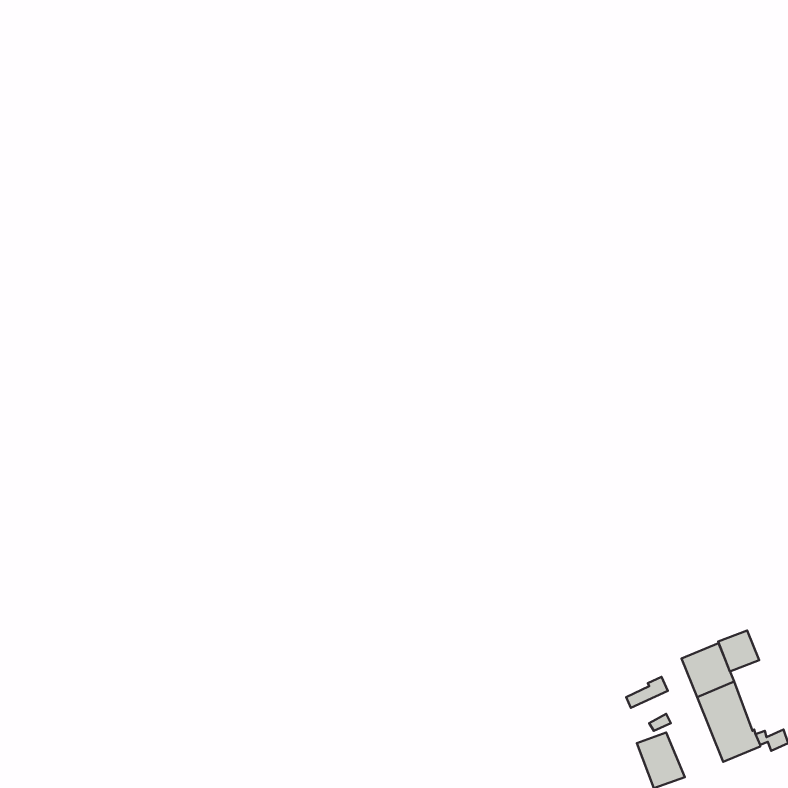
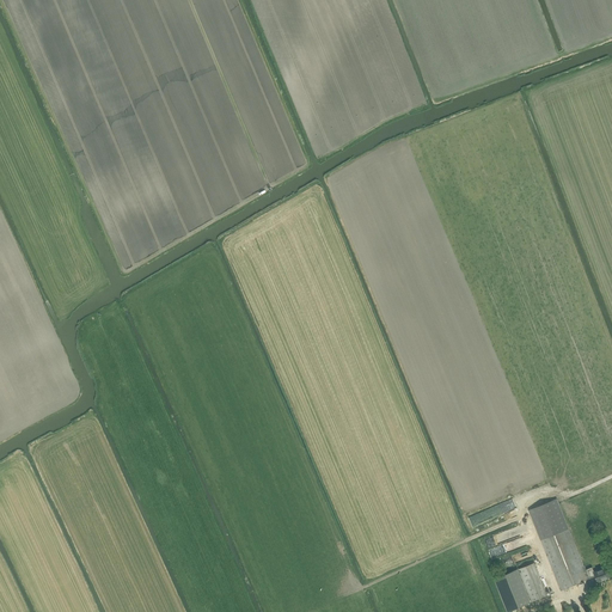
building: [718,630,759,671] -> none
building: none -> [519,562,547,601]

